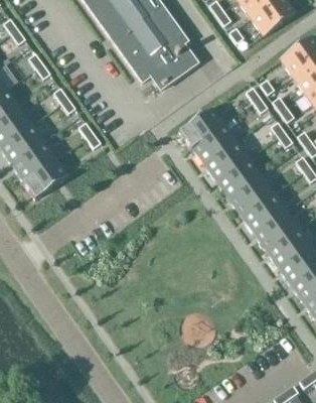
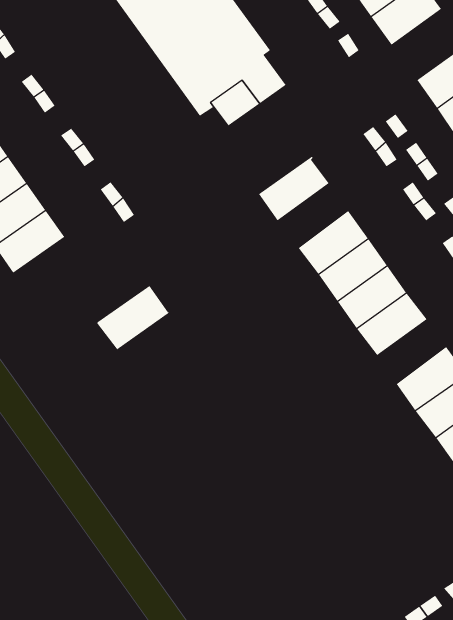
building: [190,123,235,164] -> none
building: [21,157,68,198] -> [96,285,171,350]
building: [254,210,298,251] -> none

